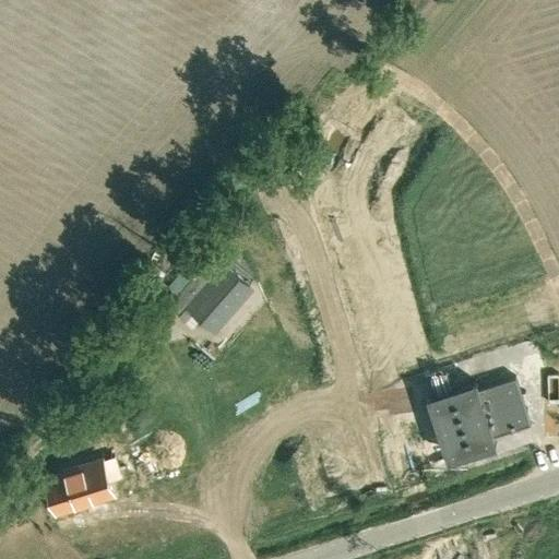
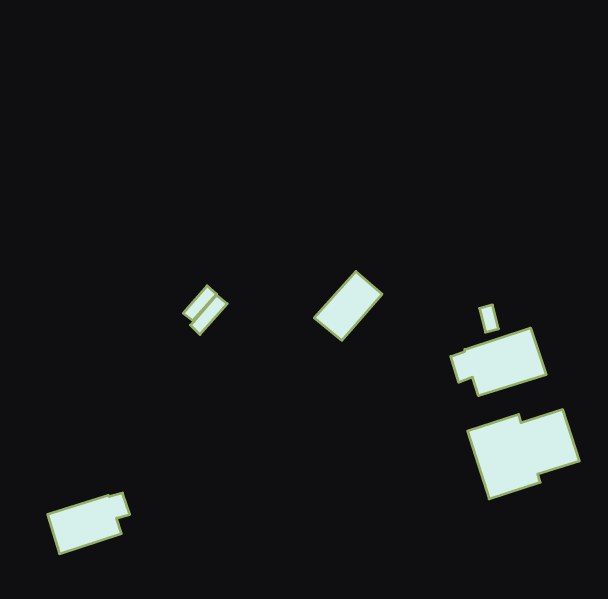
building: [188,273,250,336] -> [314,271,382,340]
building: none -> [451,328,546,396]

